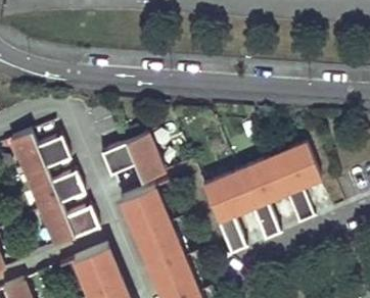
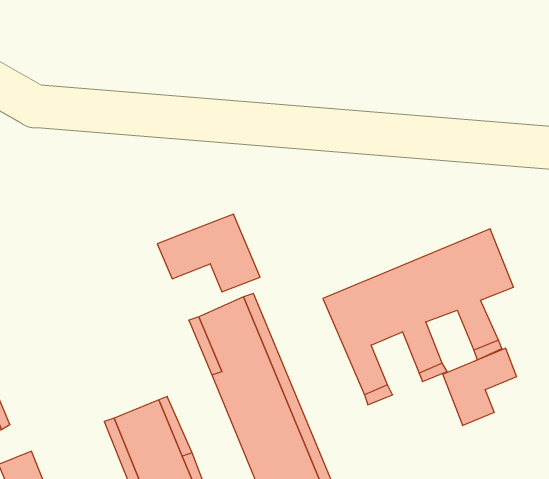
building: [10,131,98,245] -> none
building: none -> [443,348,516,426]

